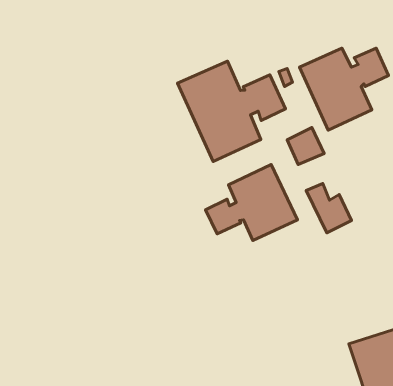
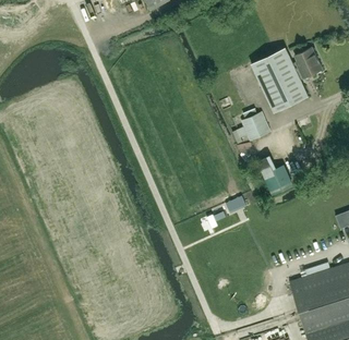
building: [177,61,286,162] -> none
building: [205,165,298,241] -> none

